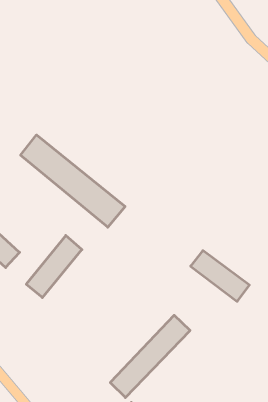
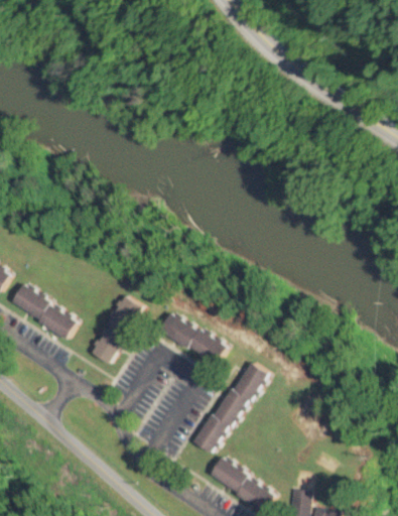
building: [21,135,125,227] -> none
building: [191,251,249,301] -> [161,315,226,363]

